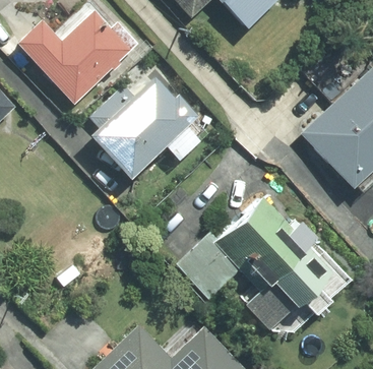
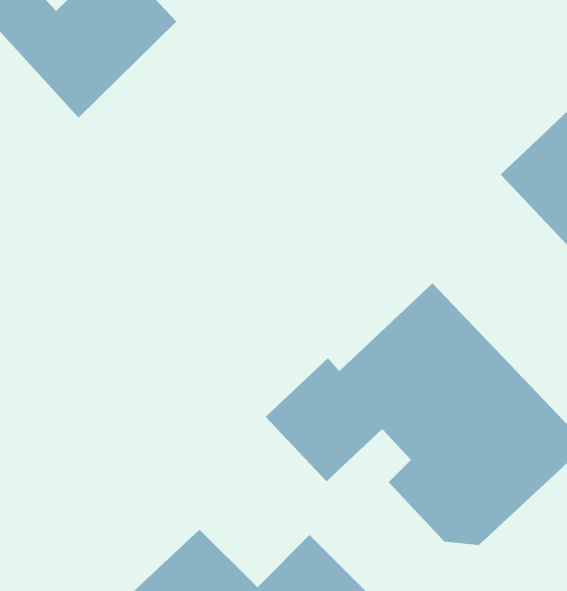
building: [90,75,208,176] -> none

